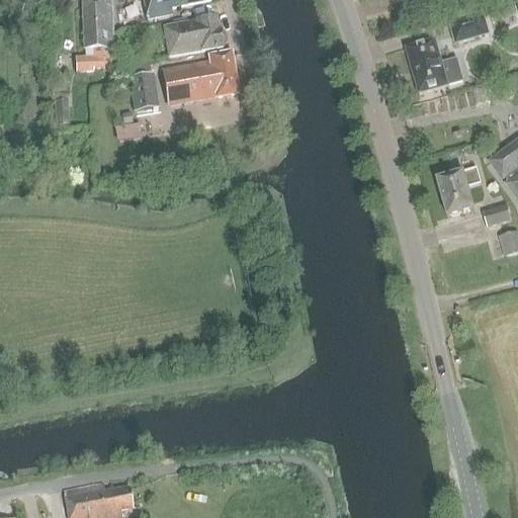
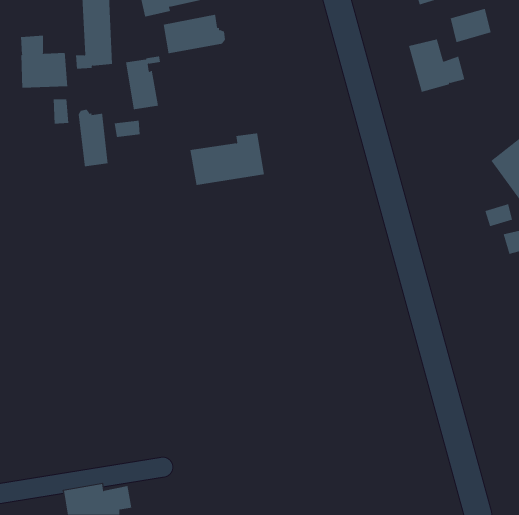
building: none -> [21,35,68,89]
building: [163,50,238,102] -> [190,133,265,186]
building: none -> [78,109,108,167]
building: [437,167,481,214] -> none

